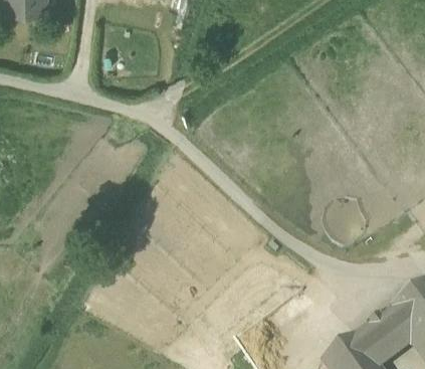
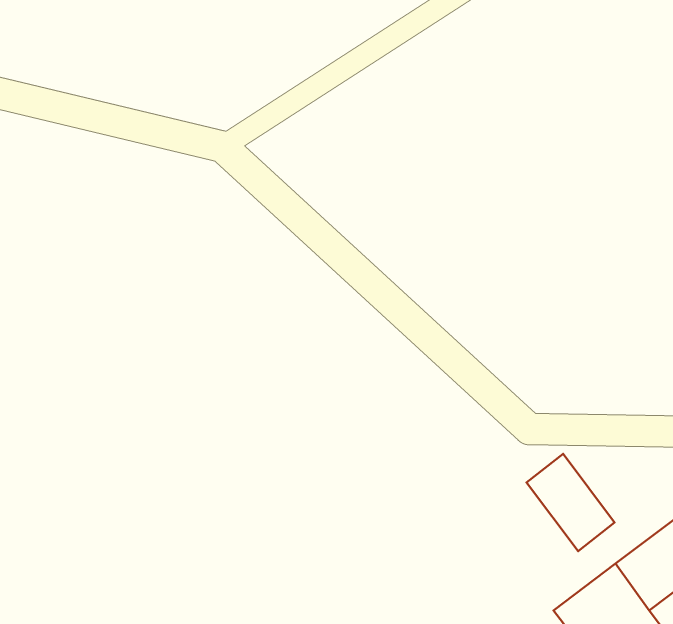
building: none -> [527,454,615,551]

